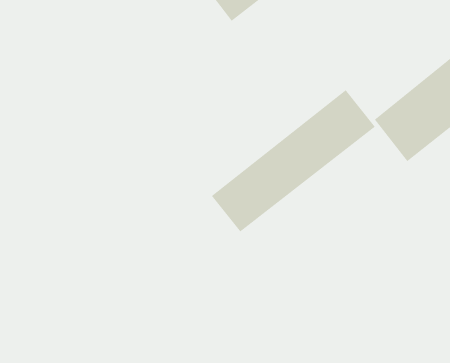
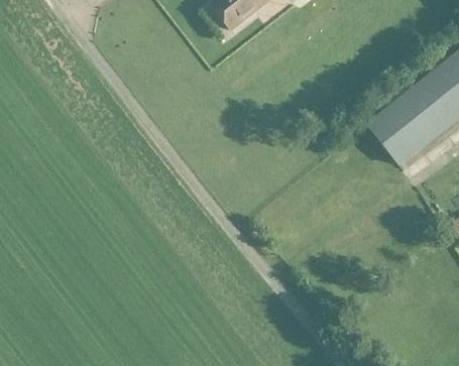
building: [211,89,376,232] -> none

